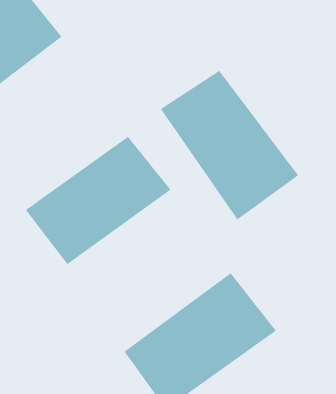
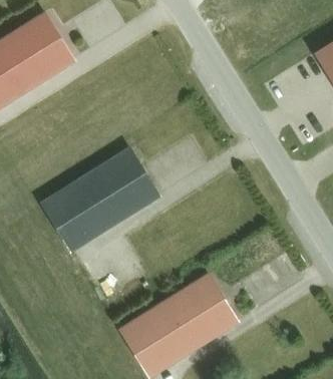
building: [160,70,299,221] -> none

